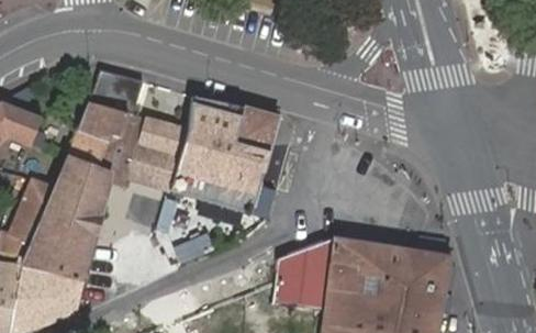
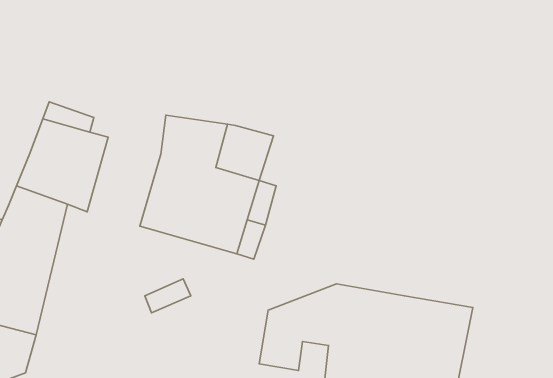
building: [125,115,187,190] -> none

